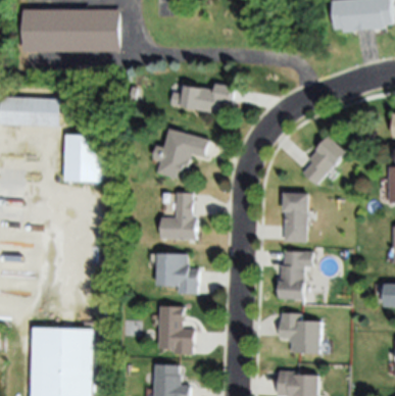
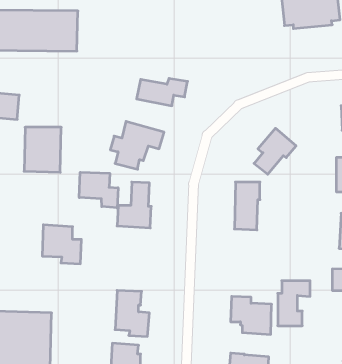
building: none -> [79,172,118,208]
building: [279,249,312,296] -> [278,281,310,326]
building: [156,252,197,293] -> [42,225,81,264]

